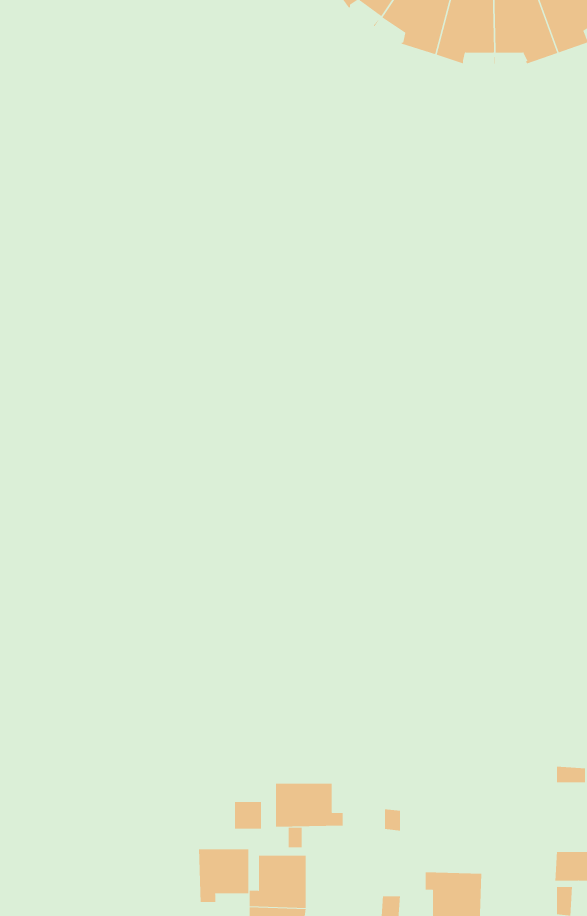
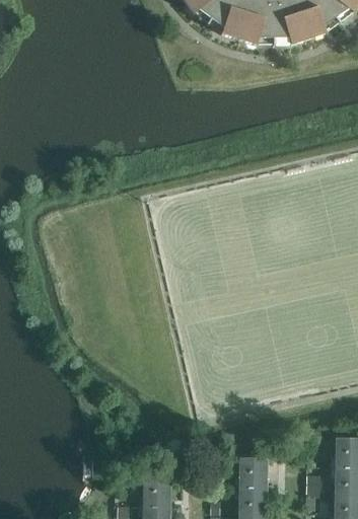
building: [276,783,343,828] -> none
building: none -> [234,458,266,488]
building: [198,849,249,903] -> none

